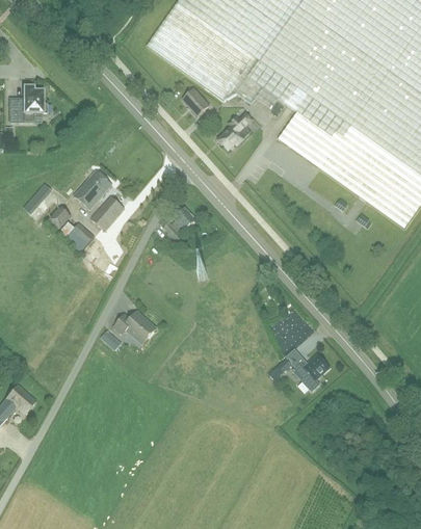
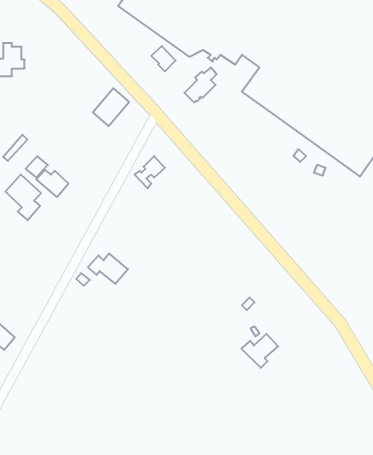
building: [74,168,112,209] -> [93,88,129,126]
building: [91,194,125,230] -> none
building: none -> [5,174,41,220]
building: [291,353,331,390] -> [241,334,278,368]

